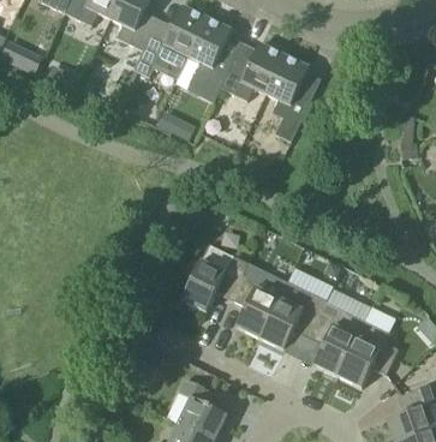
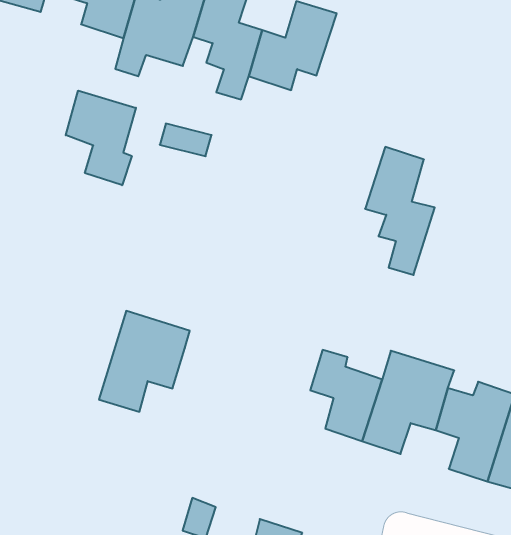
building: [267,54,312,141] -> [365,147,435,275]
building: none -> [66,91,136,185]
building: [183,243,249,310] -> [99,311,190,412]

